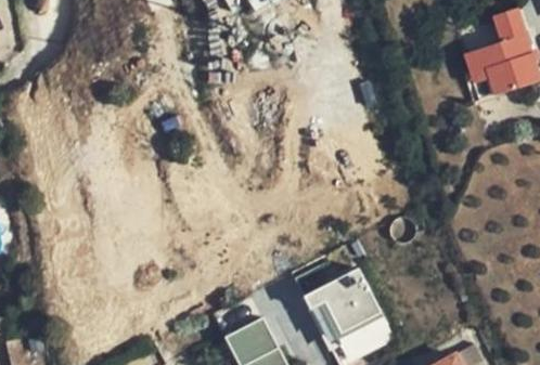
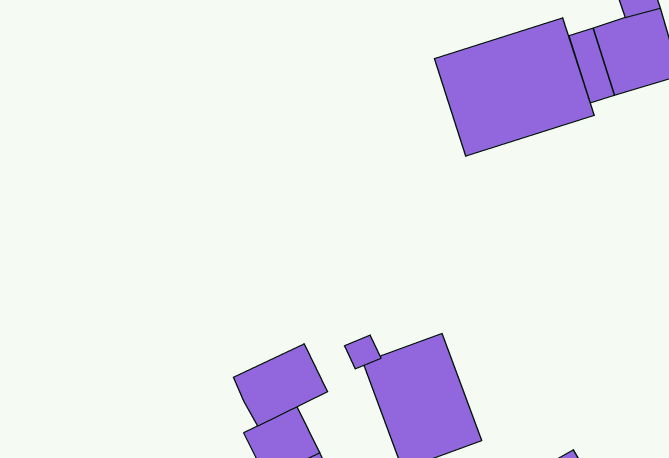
building: none -> [434,18,594,156]
building: none -> [233,344,327,426]

